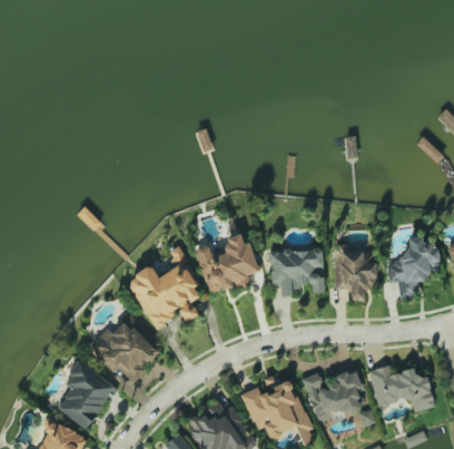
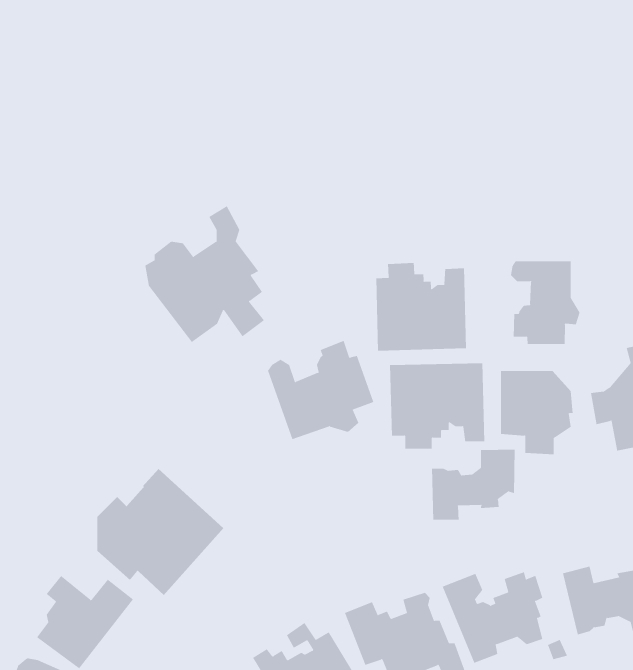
building: none -> [511,261,580,345]
building: none -> [376,262,466,351]
building: [130,245,201,326] -> [145,206,265,343]
building: none -> [432,449,515,521]

